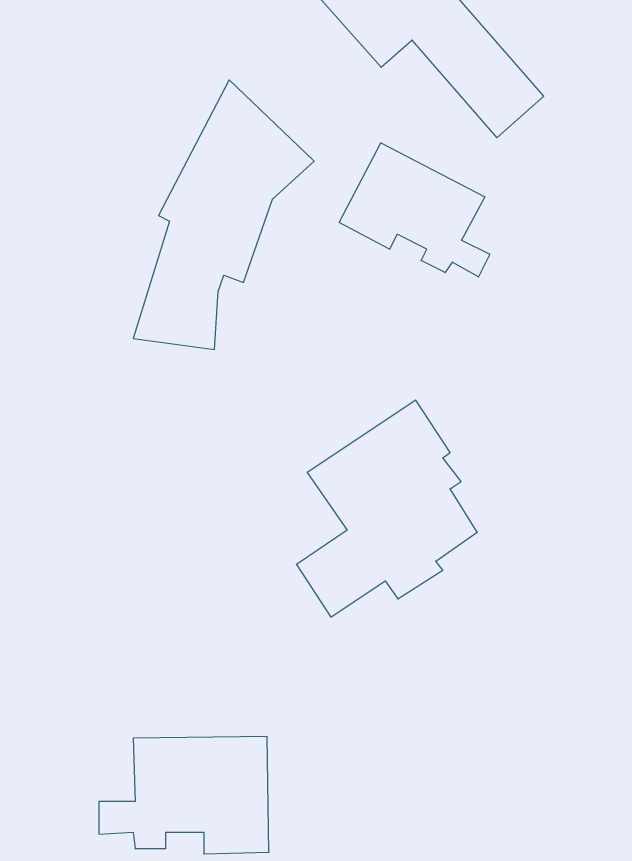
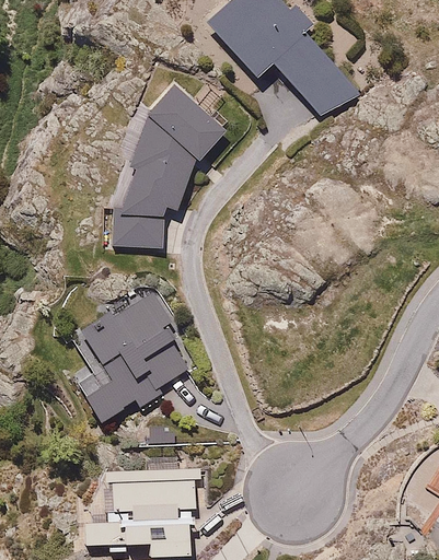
building: [339,143,490,277] -> none
building: [296,400,477,617] -> [79,287,188,418]

